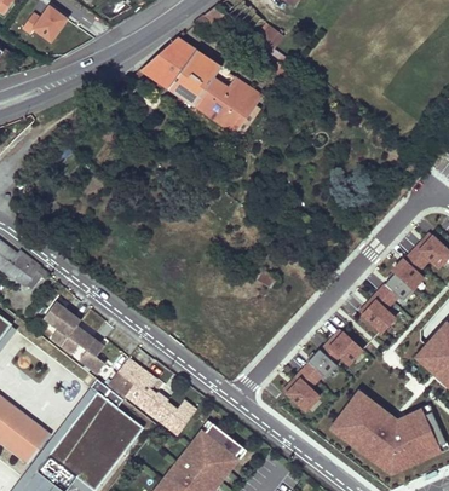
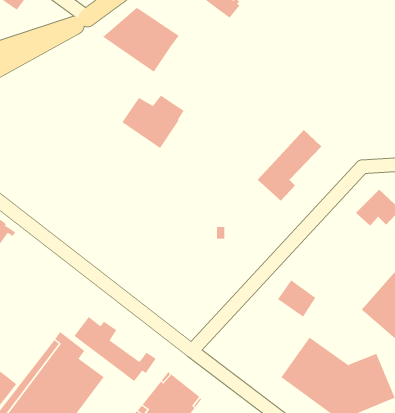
building: [194,79,260,135] -> [121,95,185,149]
building: [356,256,425,333] -> [257,129,322,202]
building: [42,300,107,371] -> none
building: [281,347,336,411] -> none

